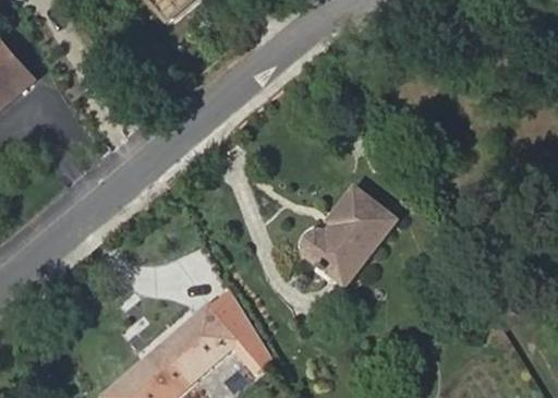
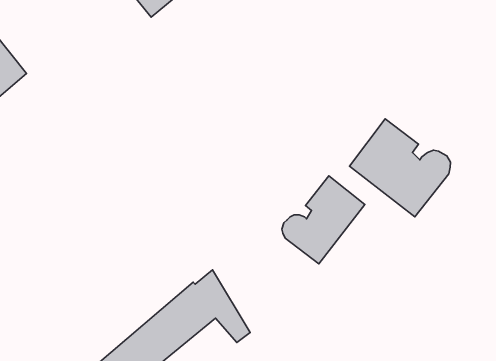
building: none -> [350,119,450,217]

